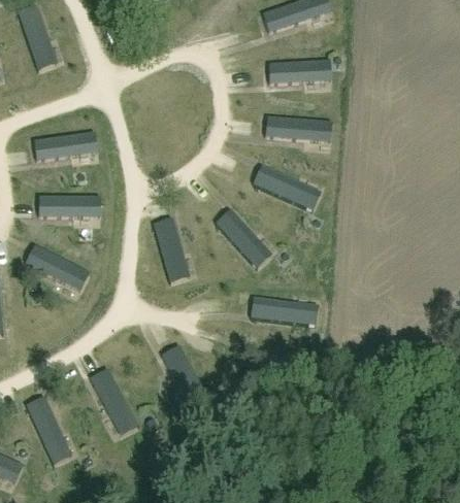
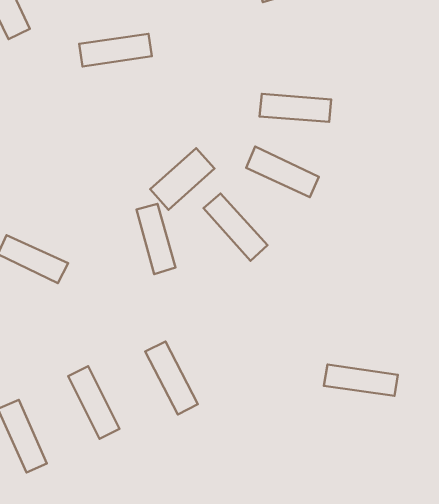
building: [269,57,330,80] -> none
building: [35,130,102,160] -> [79,34,152,66]
building: none -> [150,148,214,210]
building: [37,195,102,216] -> none
building: [251,297,319,326] -> [324,365,398,396]

